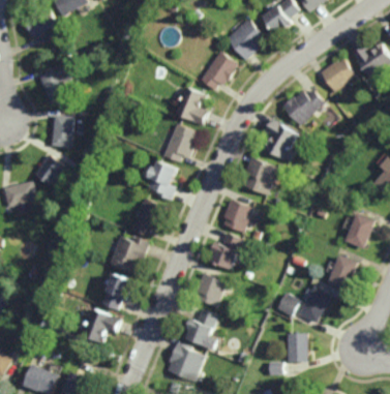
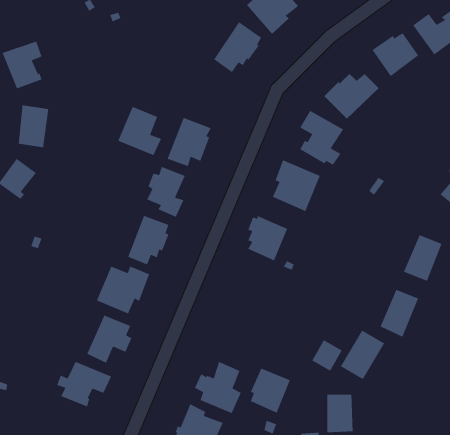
building: [174,86,208,124] -> [117,106,162,156]
building: [211,232,246,270] -> none
building: [197,272,228,307] -> [250,368,291,414]

